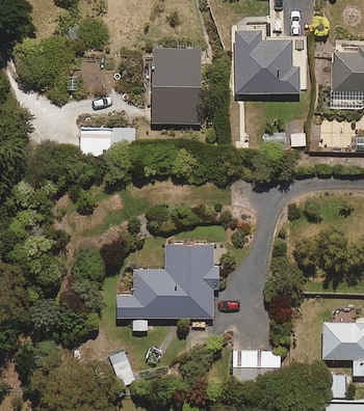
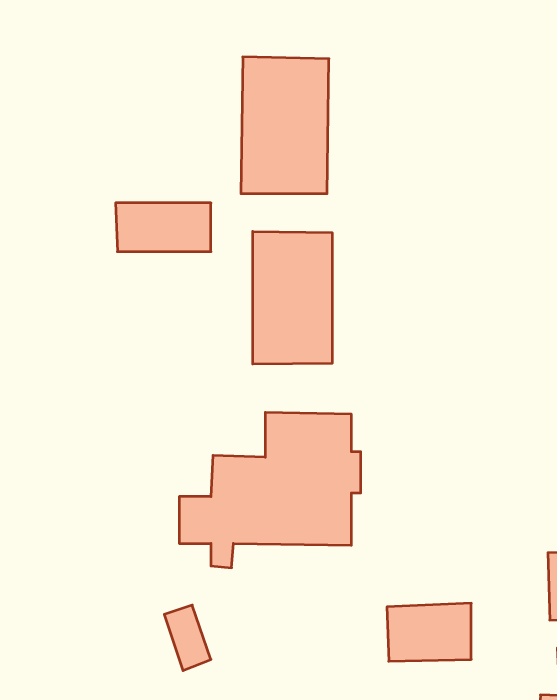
building: [232,27,300,94] -> none
building: none -> [253,231,332,364]

